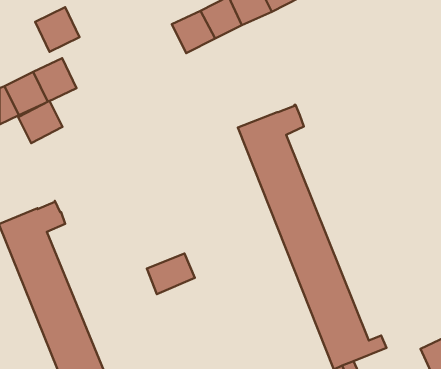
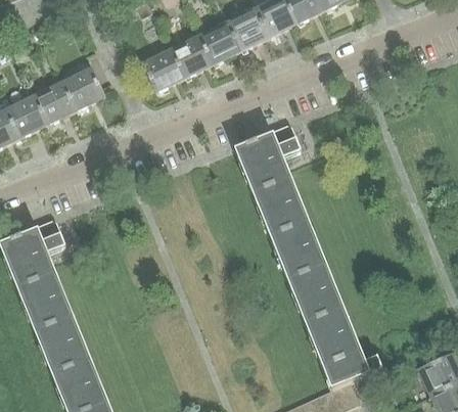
building: [35,7,80,52] -> [62,66,106,110]
building: none -> [141,47,185,90]
building: [18,101,62,143] -> none
building: [147,254,195,294] -> none

